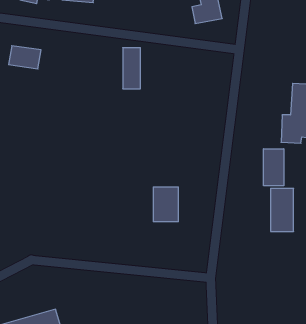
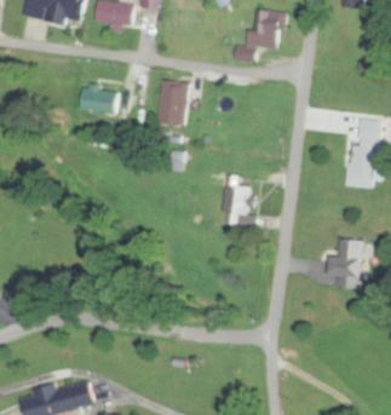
building: [9,46,41,69] -> [77,87,115,114]
building: [264,149,284,186] -> none
building: [153,187,178,222] -> [223,185,252,225]

